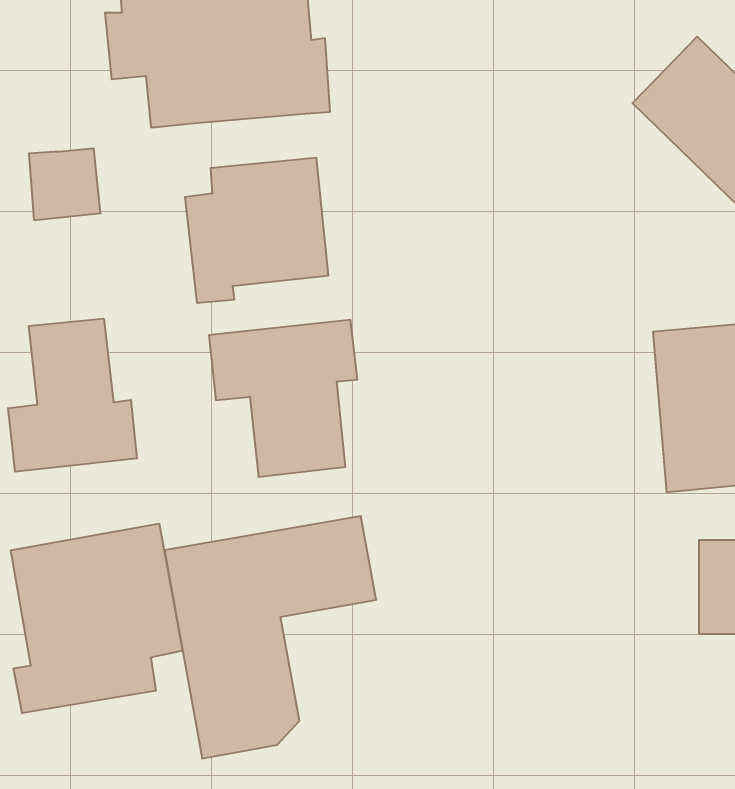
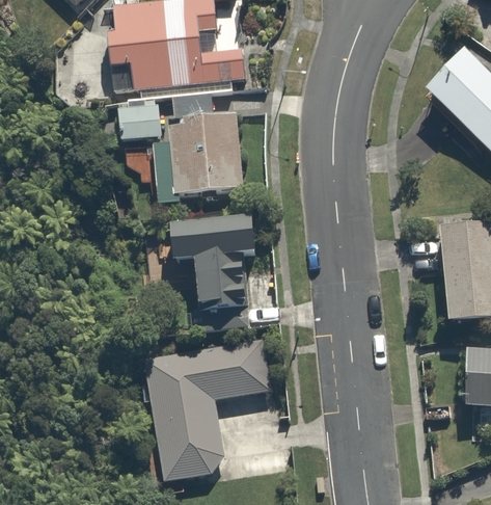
building: [29,148,101,220] -> [117,96,161,139]
building: [8,319,137,472] -> none
building: [11,524,183,713] -> none

